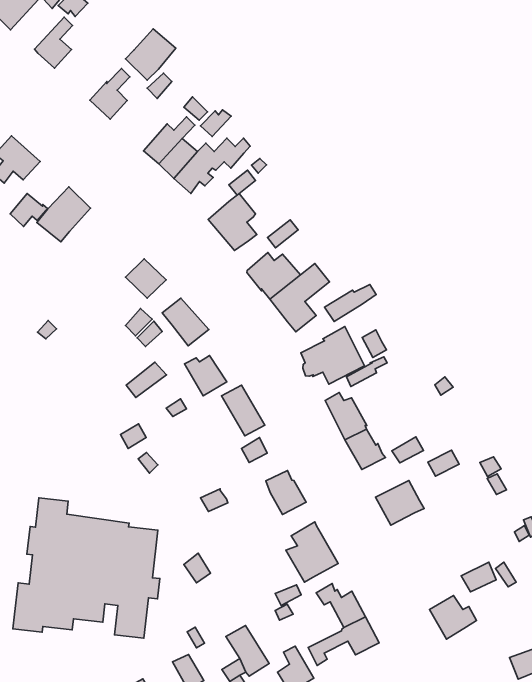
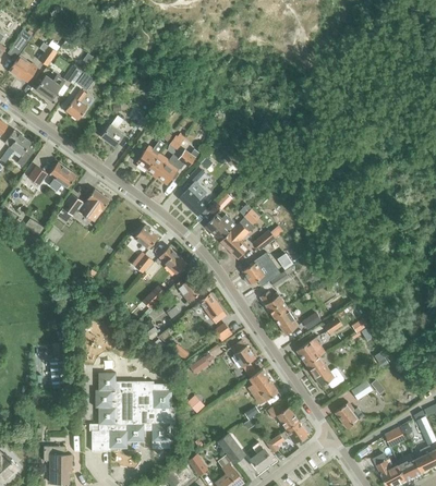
building: [126,29,176,80] -> none
building: none -> [306,356,343,388]

